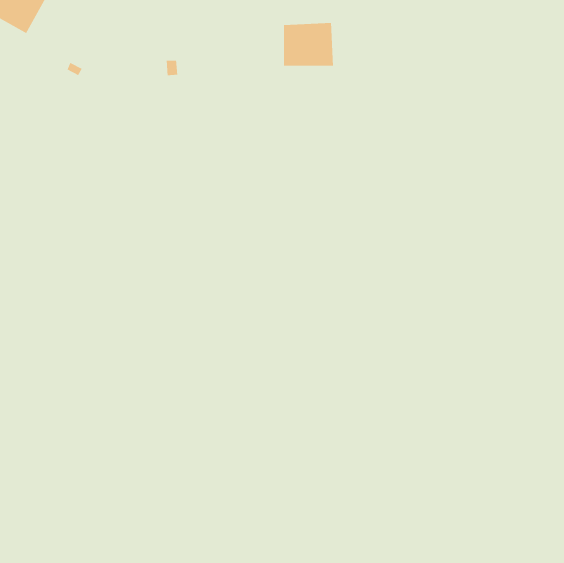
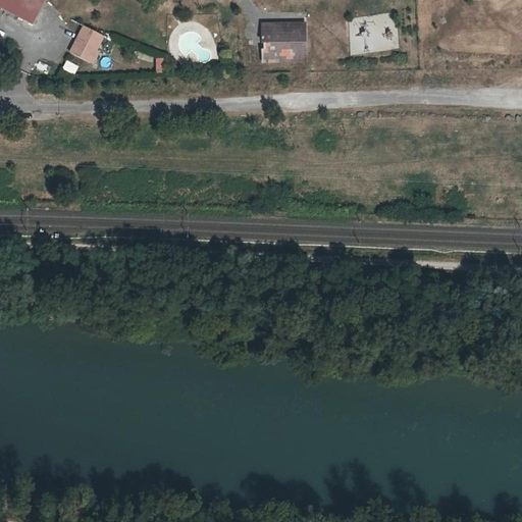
building: none -> [71,24,102,62]

